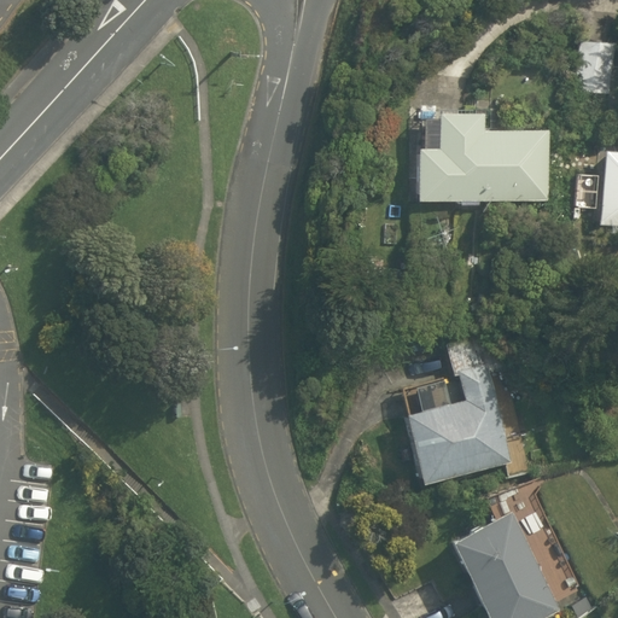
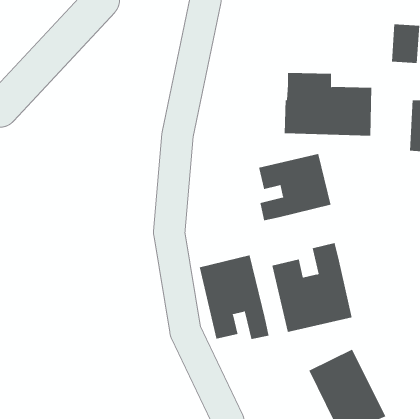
building: none -> [258,153,331,221]
building: none -> [199,254,269,340]

